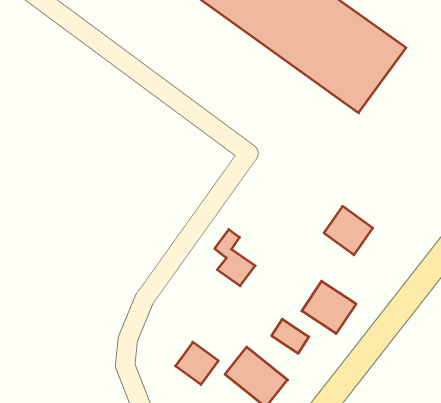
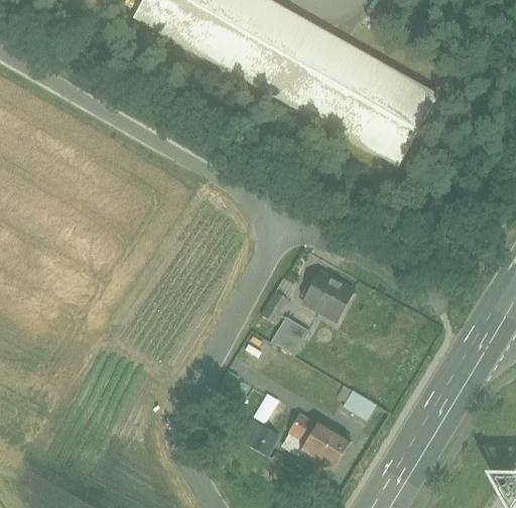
building: [324,206,373,255] -> [302,266,352,314]
building: [302,281,356,334] -> none

